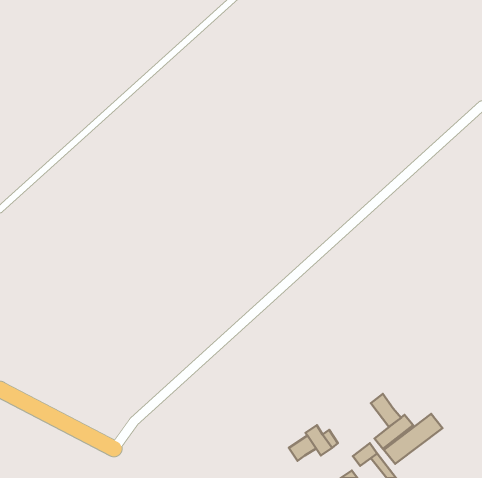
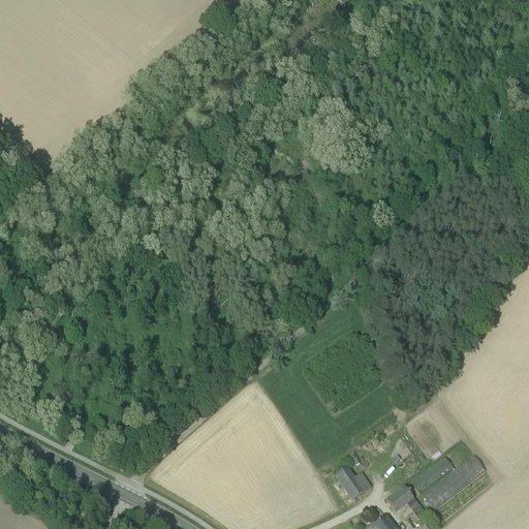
building: [371,394,401,427] -> none
building: [289,435,316,461] -> none

